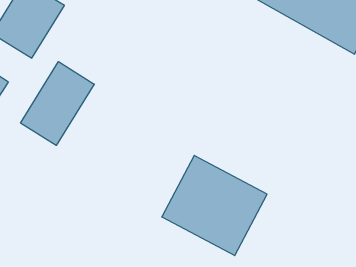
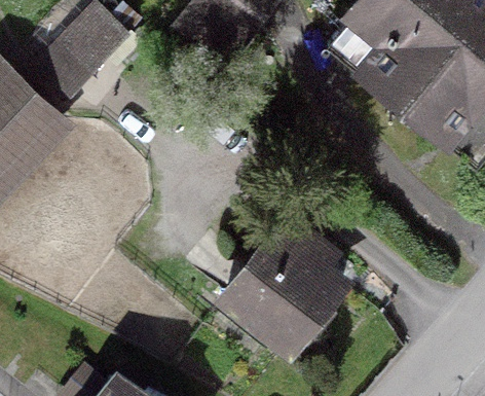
building: [21,62,94,145] -> none

